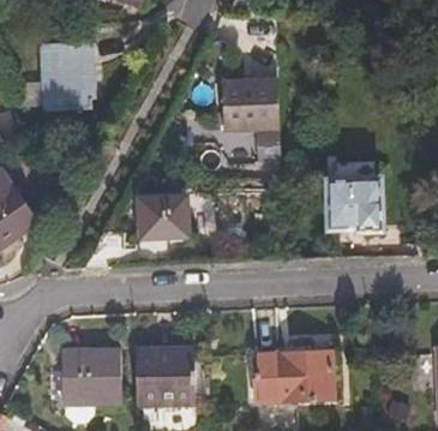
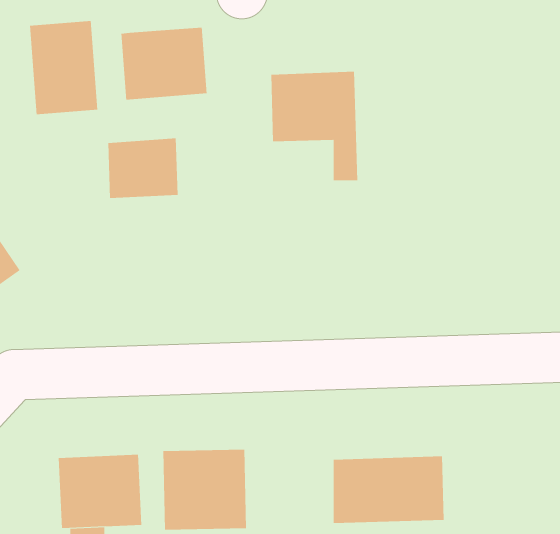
building: none -> [121,27,207,100]
building: [328,168,382,227] -> none
building: [137,193,187,237] -> [107,138,178,199]

